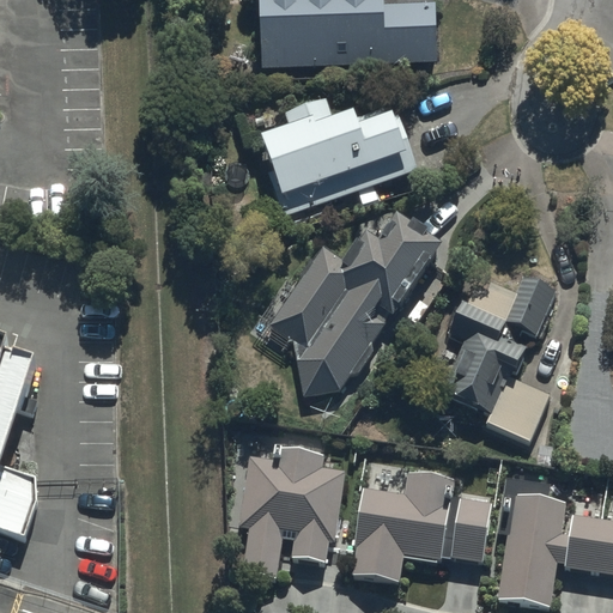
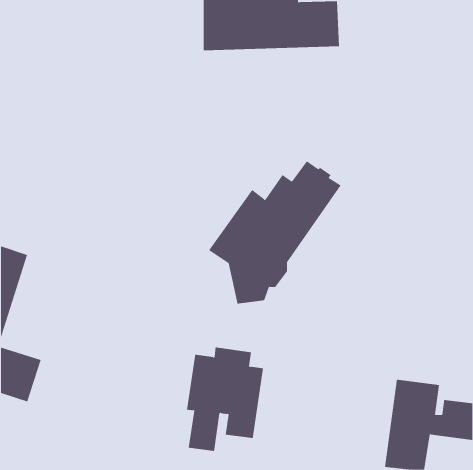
building: [263,96,417,214] -> none
building: [442,275,557,439] -> none
building: [346,472,487,589] -> none

